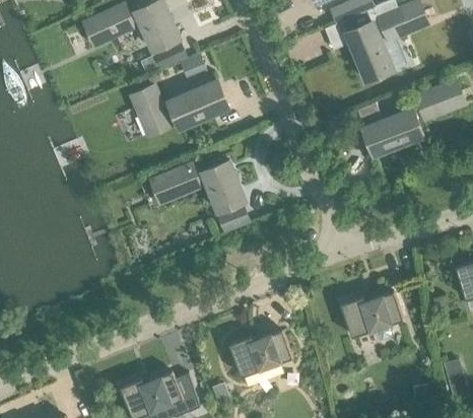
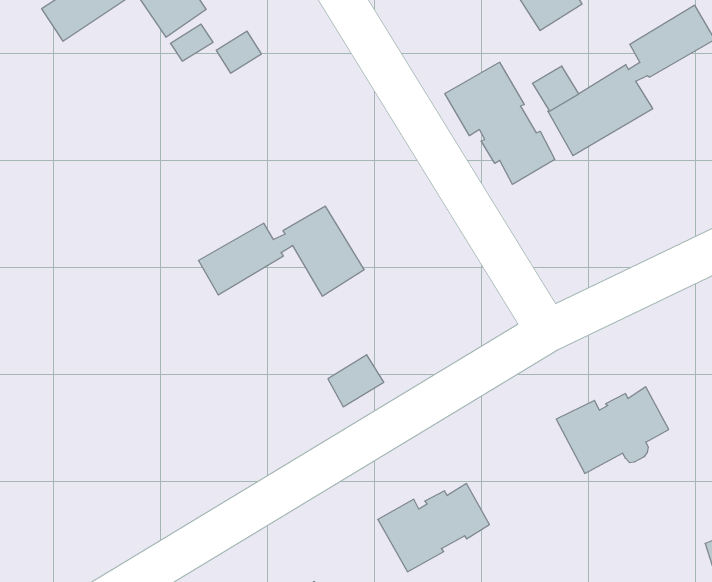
building: [133,81,228,135] -> none
building: none -> [445,62,555,184]
building: [218,205,250,232] -> [328,355,384,407]

